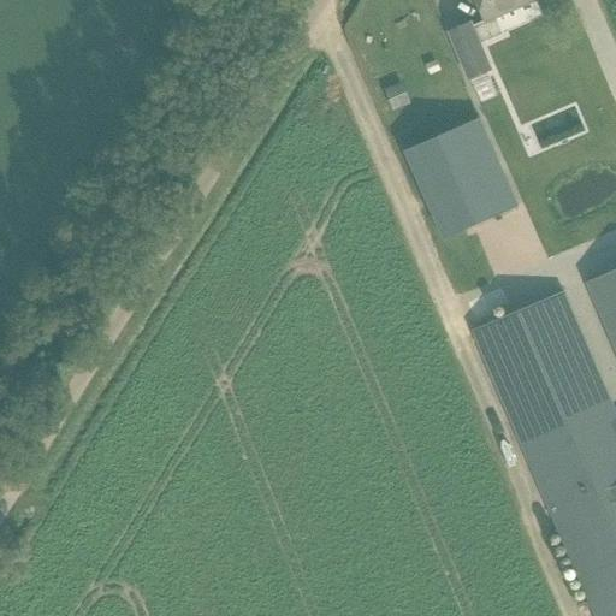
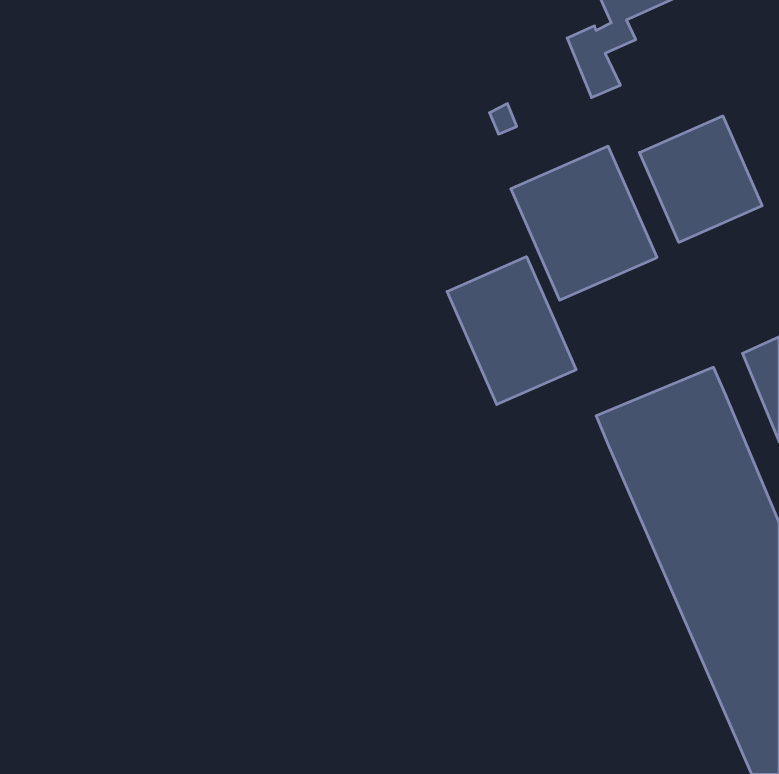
building: none -> [639,116,762,242]
building: none -> [447,257,576,405]

